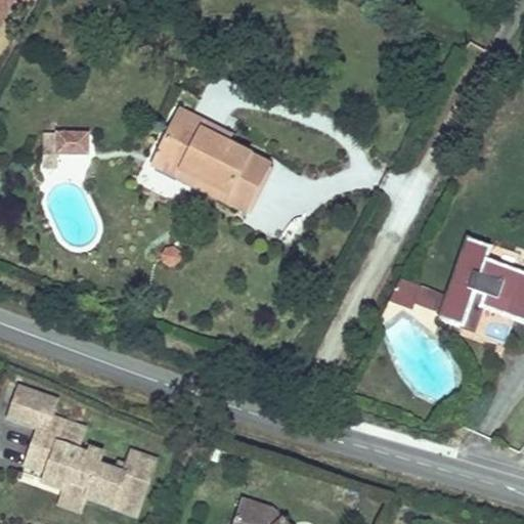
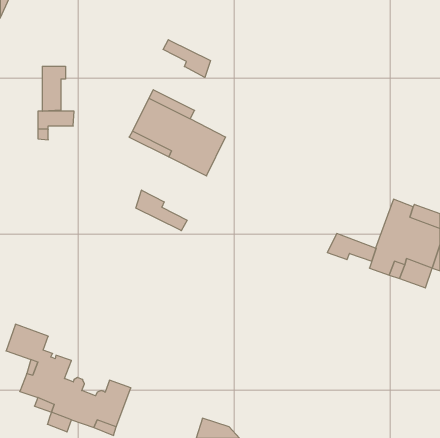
building: none -> [163,40,210,77]
building: none -> [42,66,65,111]
building: none -> [136,190,187,231]

